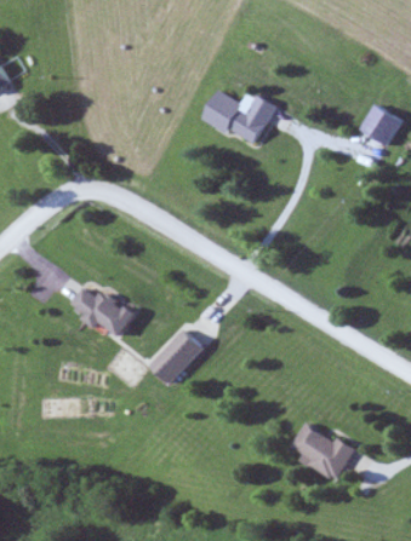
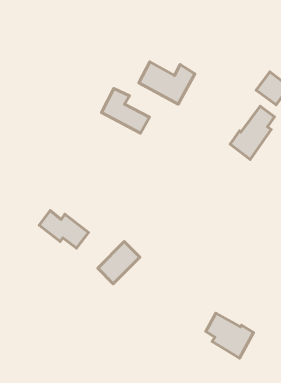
building: none -> [102,89,149,133]
building: none -> [230,106,275,159]

